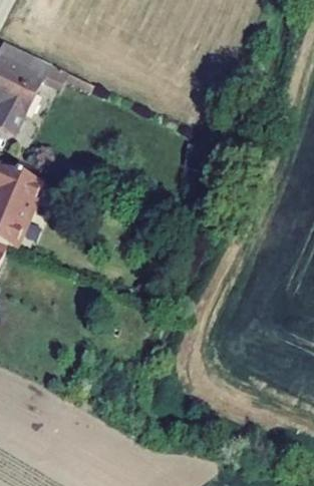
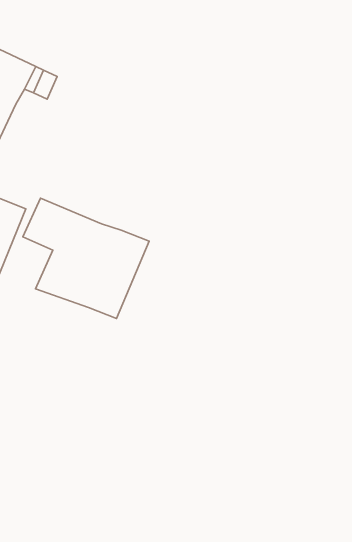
building: none -> [23,198,149,319]

